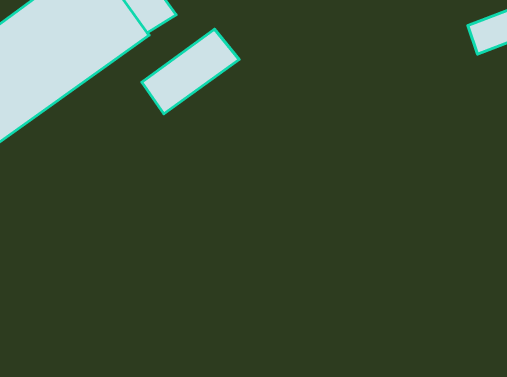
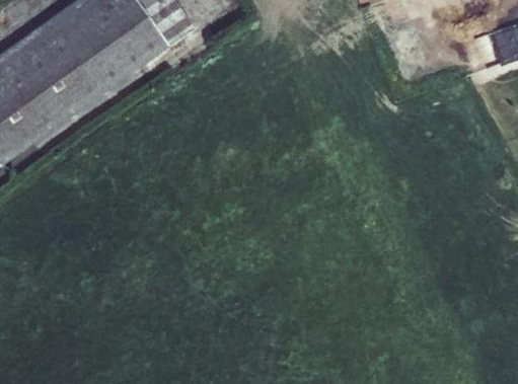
building: [142,29,239,114] -> none

